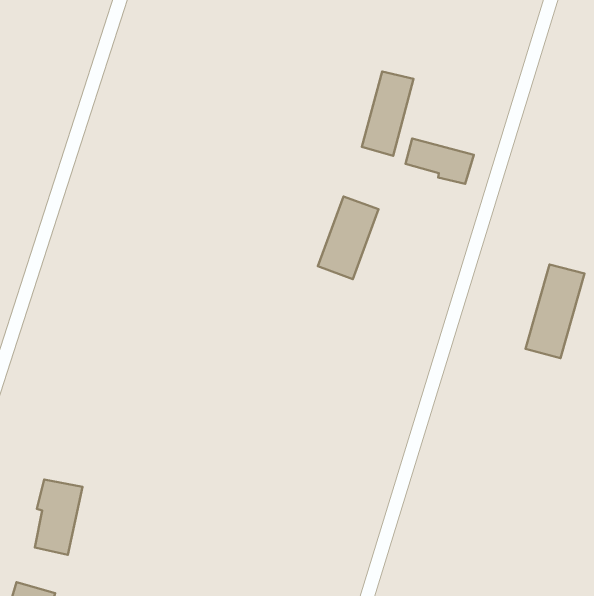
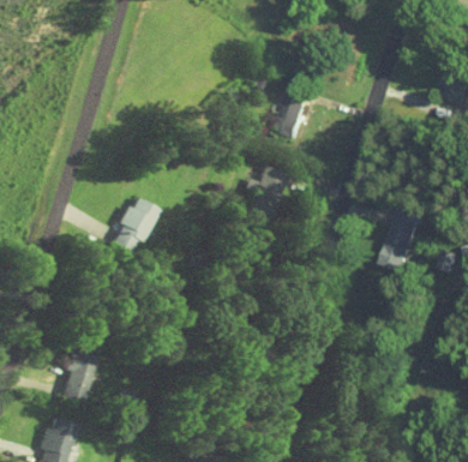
building: [406,139,474,184] -> none
building: none -> [107,196,155,256]

